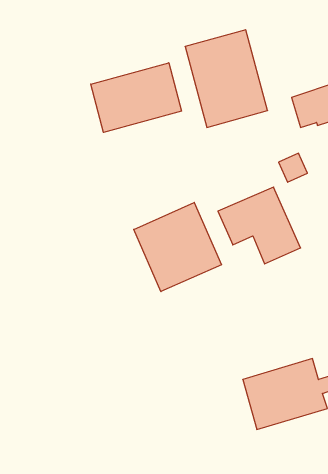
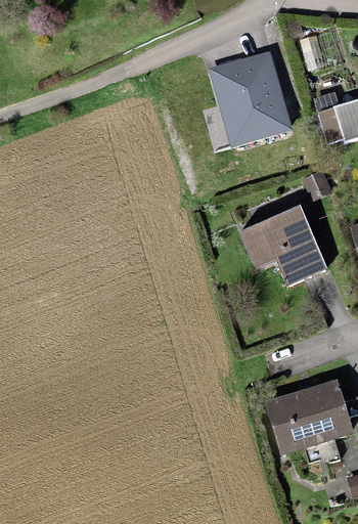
building: [91,63,182,132] -> none
building: [134,202,221,292] -> none

